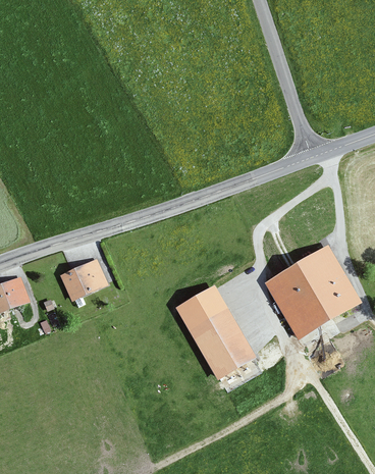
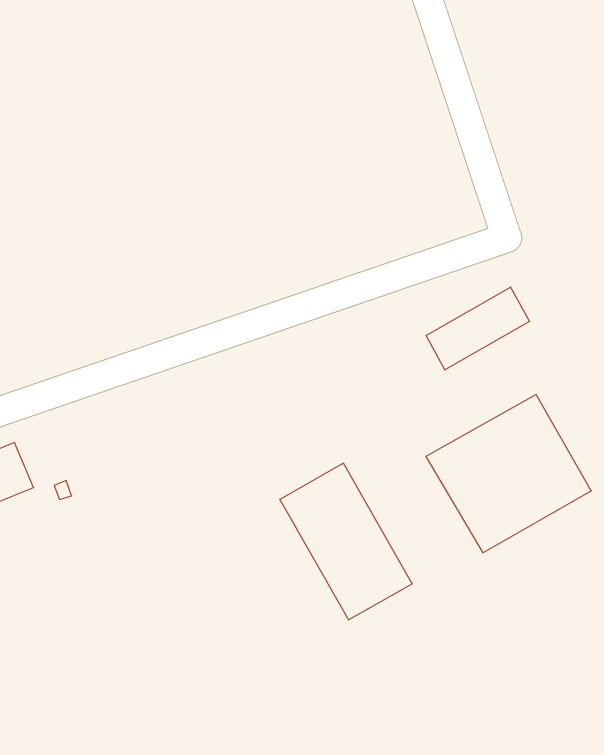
building: none -> [426,287,529,370]
building: [60,257,108,299] -> none

